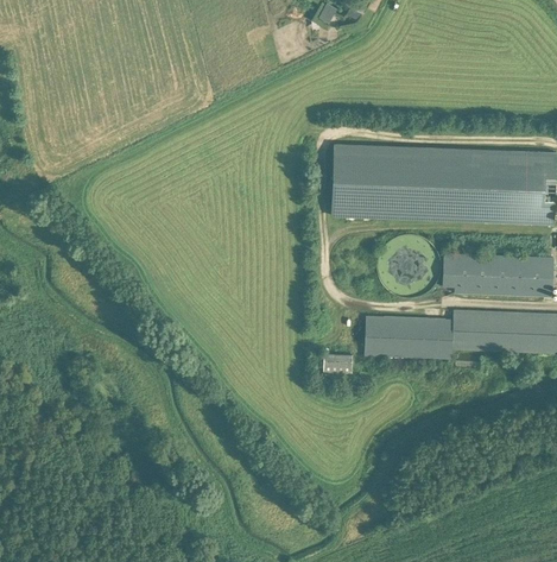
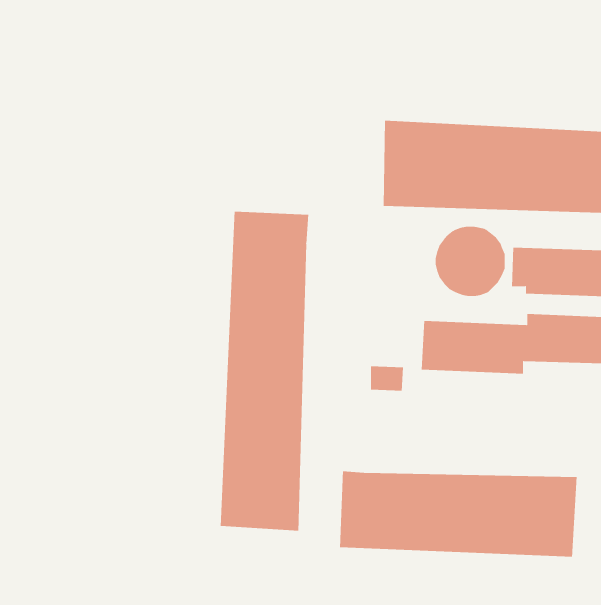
building: none -> [220,211,309,532]
building: none -> [339,471,577,558]

